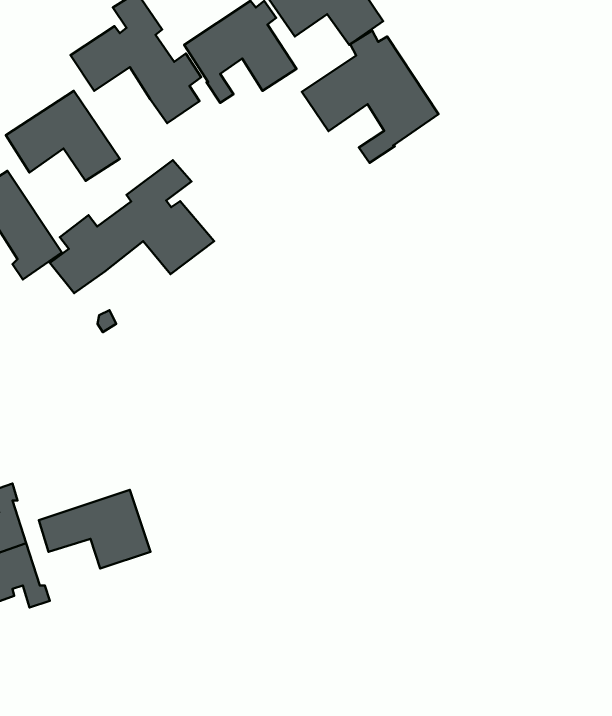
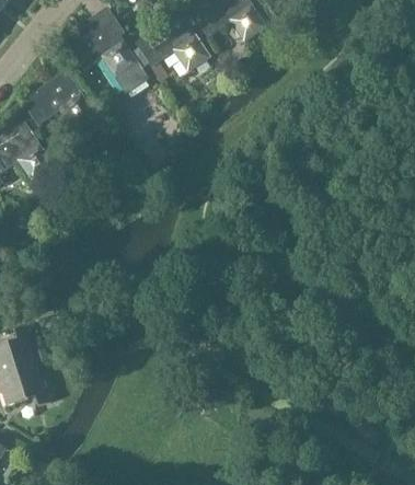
building: [302,30,438,163] -> none
building: [50,160,214,293] -> none
building: [39,490,151,569] -> none

